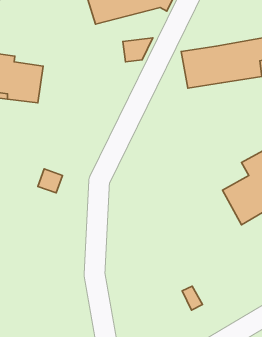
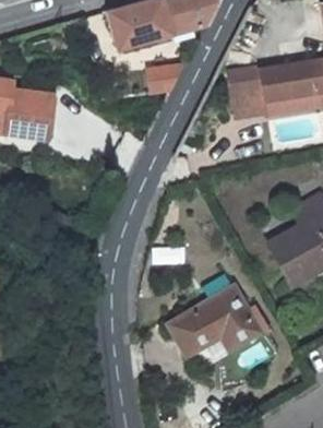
building: none -> [169,289,259,355]

